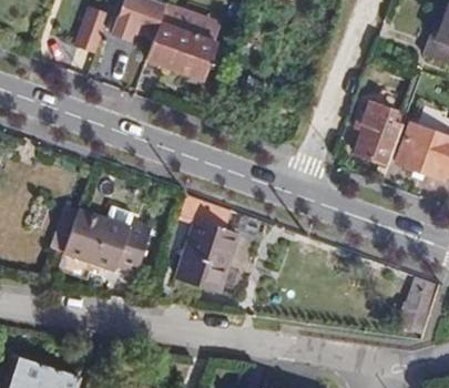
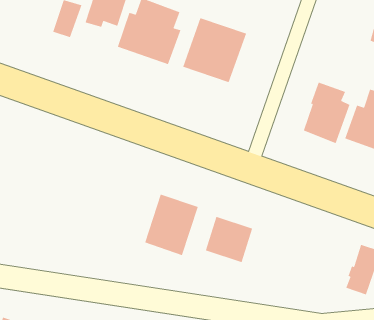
building: none -> [182,17,247,83]
building: [51,204,152,273] -> none
building: none -> [205,216,253,263]

